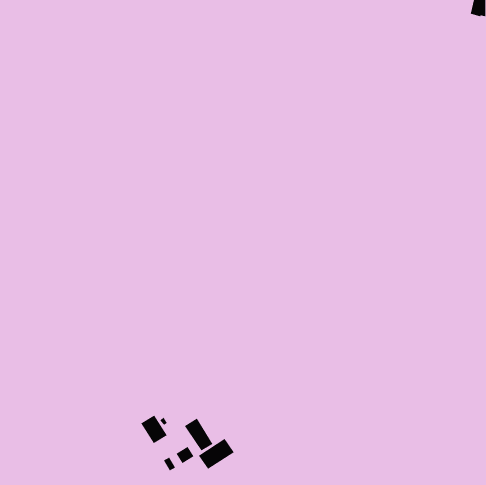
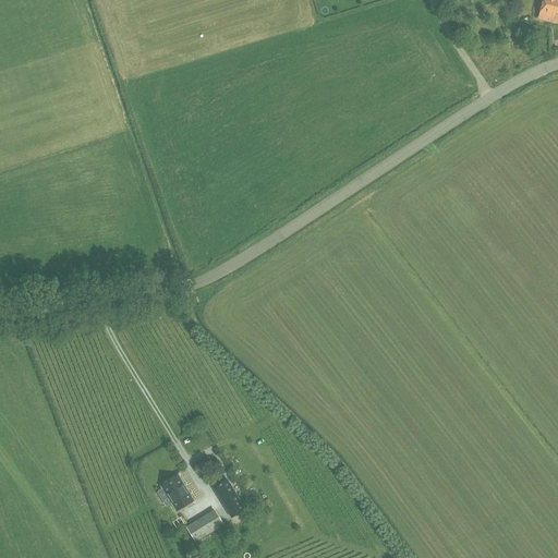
building: [198,438,235,470] -> none

